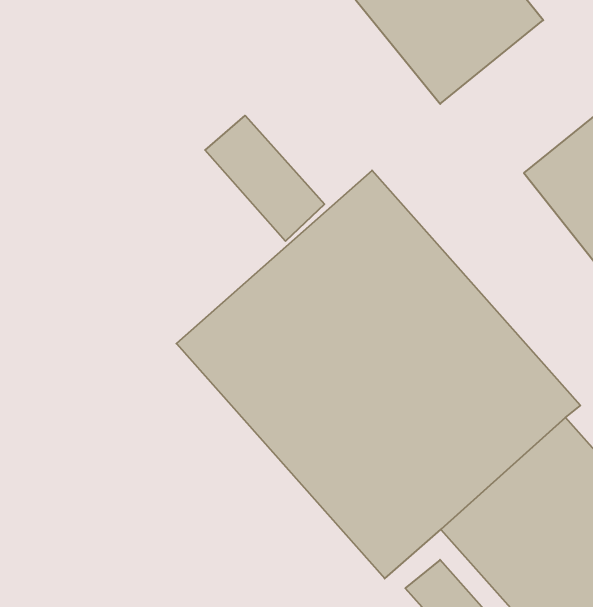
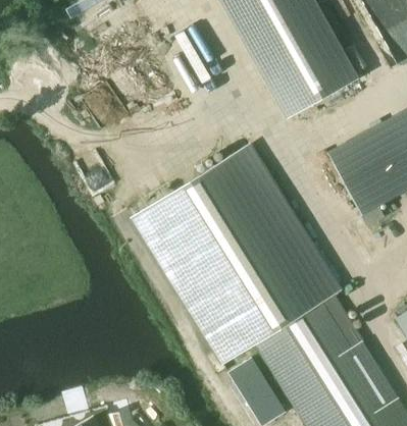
building: [205,116,324,241] -> none

